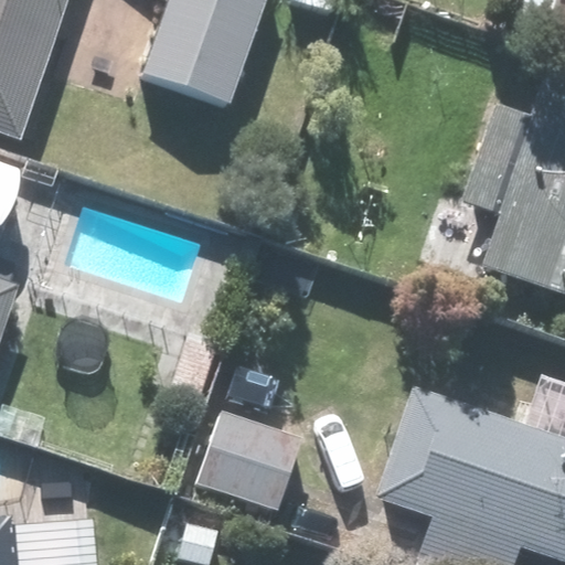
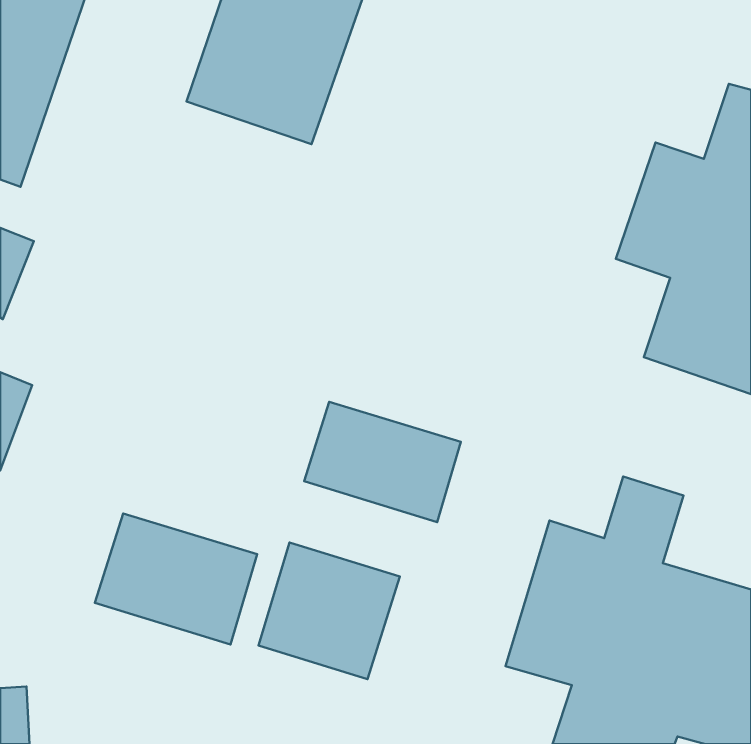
building: none -> [304,402,461,522]
building: none -> [95,514,257,644]

